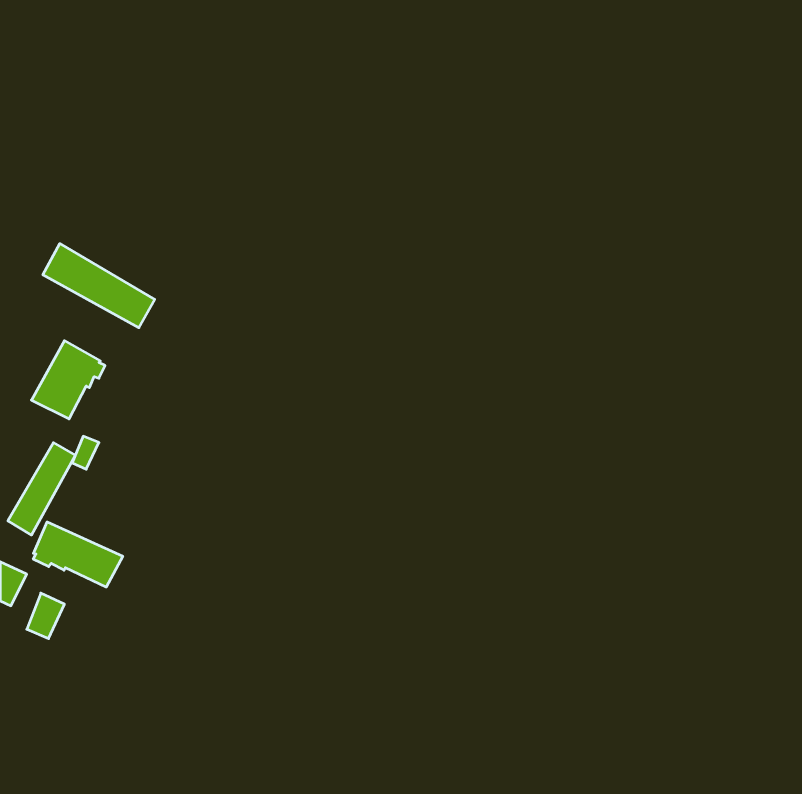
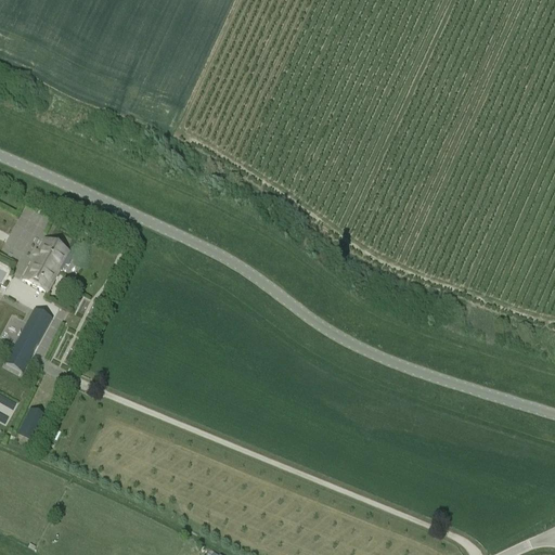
building: [43,244,155,328] -> none
building: [33,522,123,587] -> none

